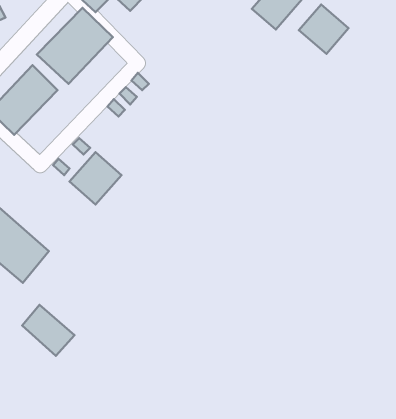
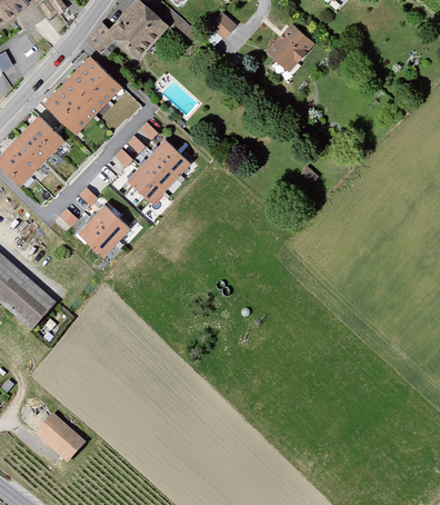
building: [299,5,349,54] -> none
building: none -> [128,137,192,202]
building: [22,305,74,356] -> [33,414,87,466]

